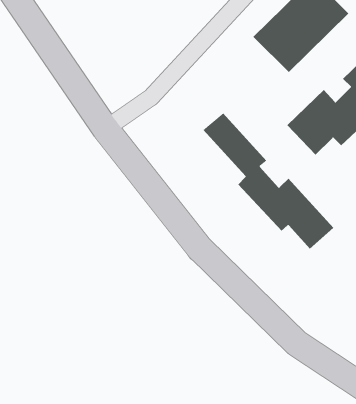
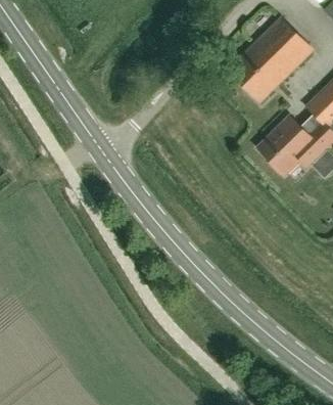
building: [202,113,334,249] -> none

